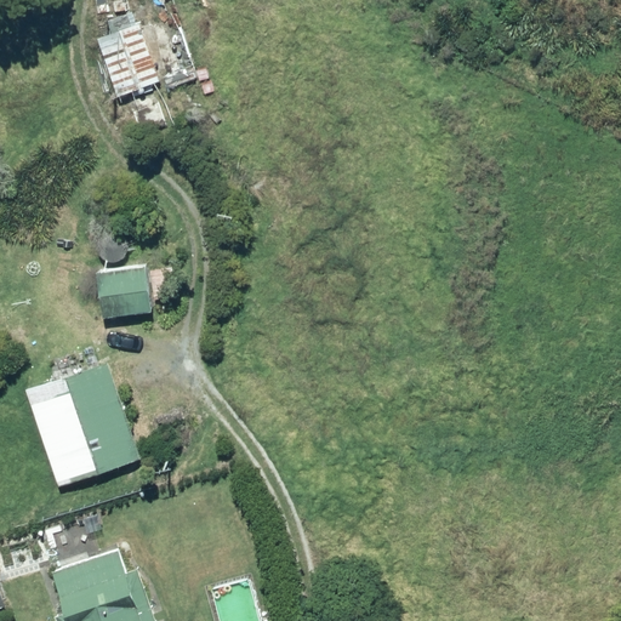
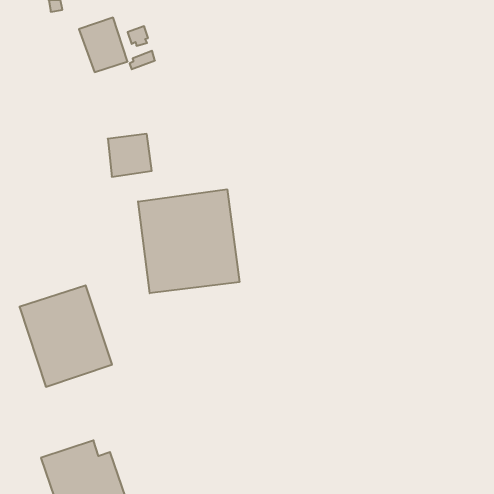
building: none -> [138,189,239,293]
building: [98,264,153,318] -> [108,134,152,177]

